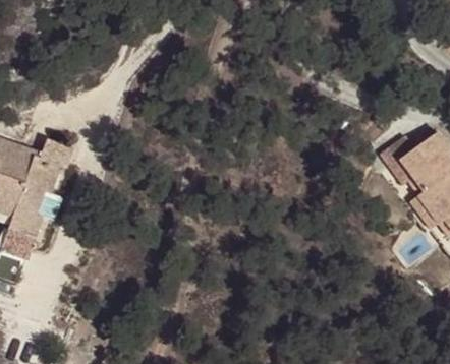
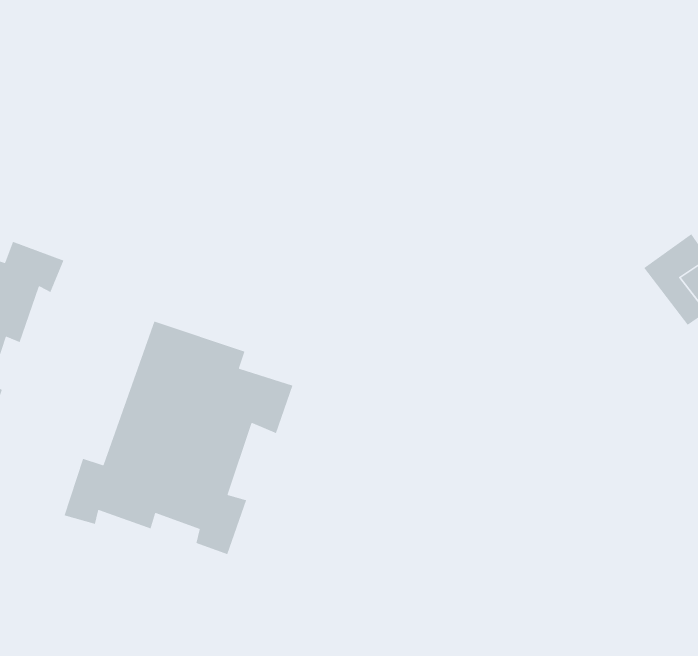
building: none -> [63,320,294,555]

